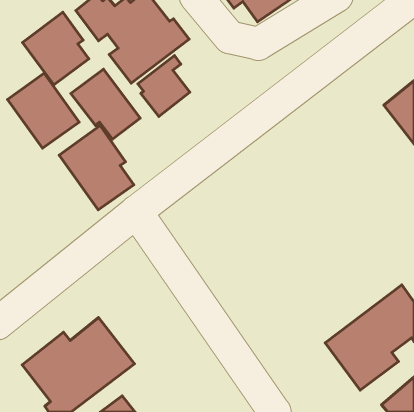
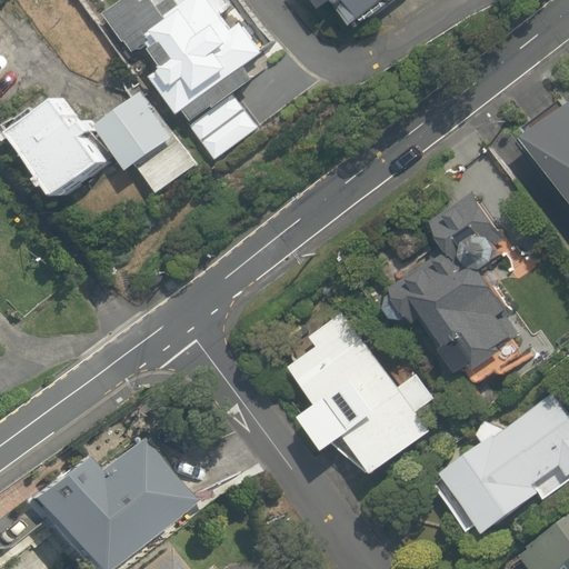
building: [22,12,89,85] -> none
building: [59,126,134,210] -> none
building: none -> [388,196,518,379]
building: none -> [287,315,435,479]

